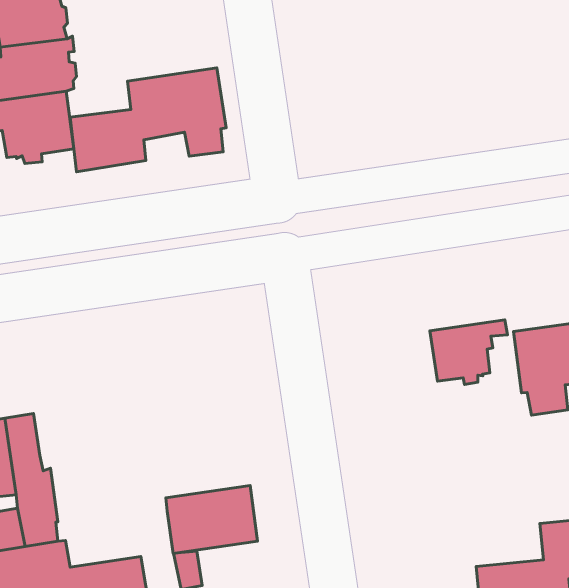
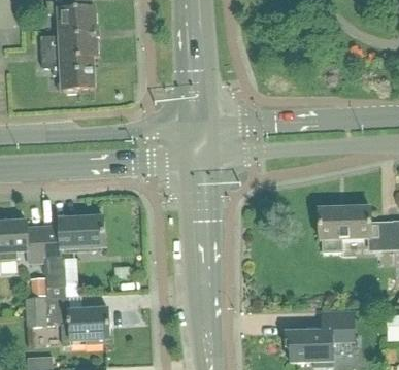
building: [70,68,226,172] -> none
building: [430,320,507,385] -> none
building: [166,486,257,553] -> [59,217,105,249]

